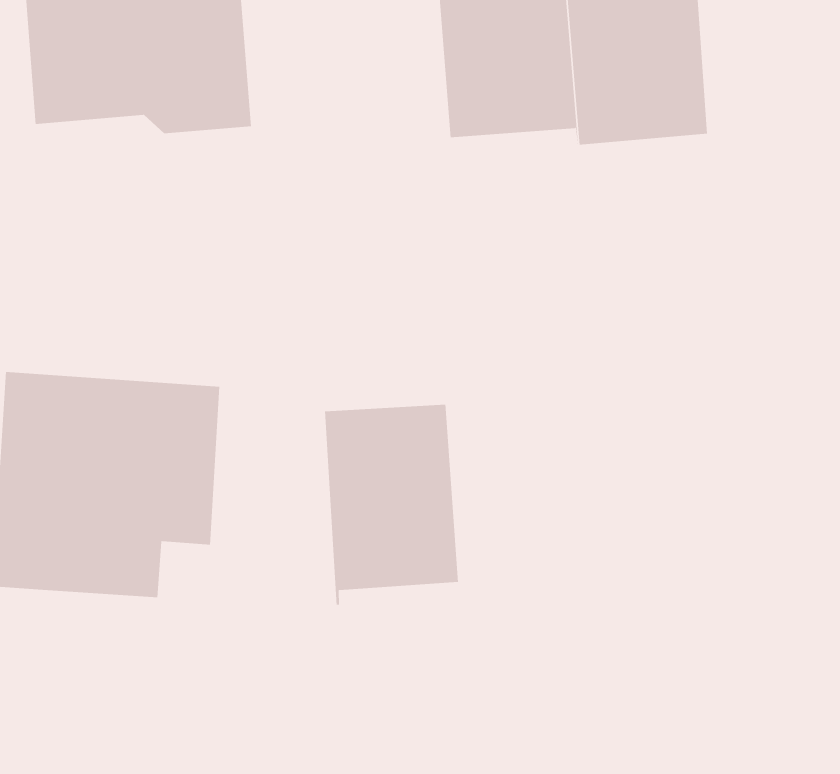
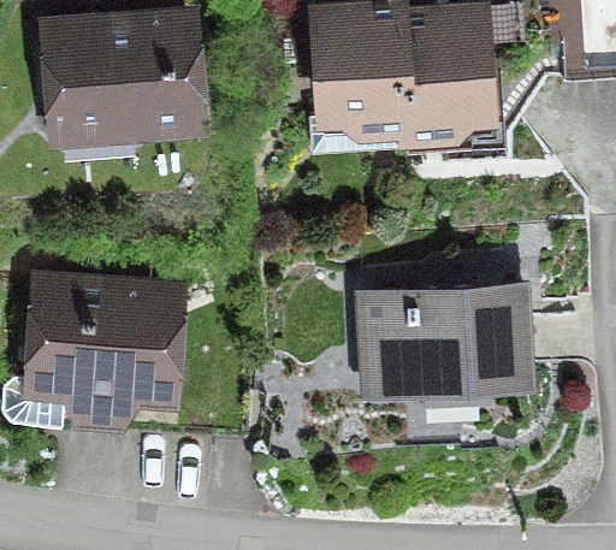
building: none -> [361,283,527,386]
building: [324,404,459,606] -> none

